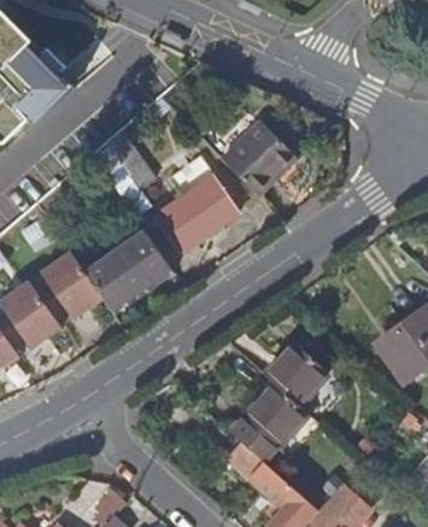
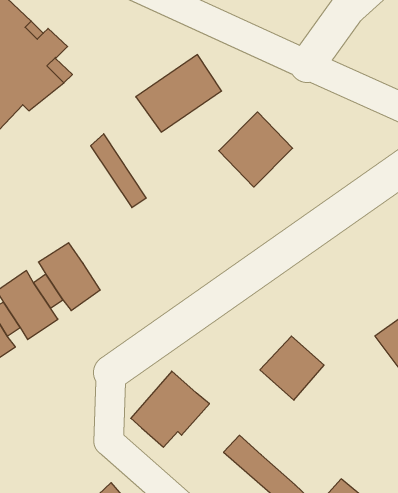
building: [153,175,239,252] -> [136,55,222,132]
building: [87,232,170,306] -> none
building: [231,385,310,461] -> [131,371,209,447]

